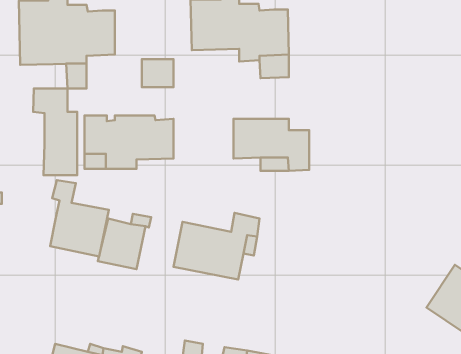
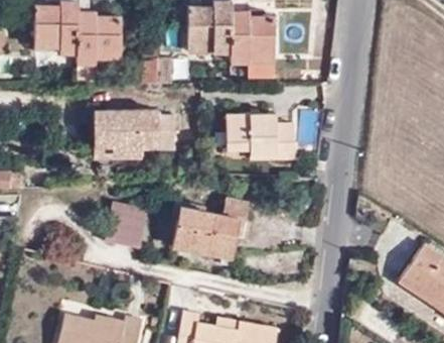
building: [33,88,77,175] -> none
building: [50,180,109,256] -> none

